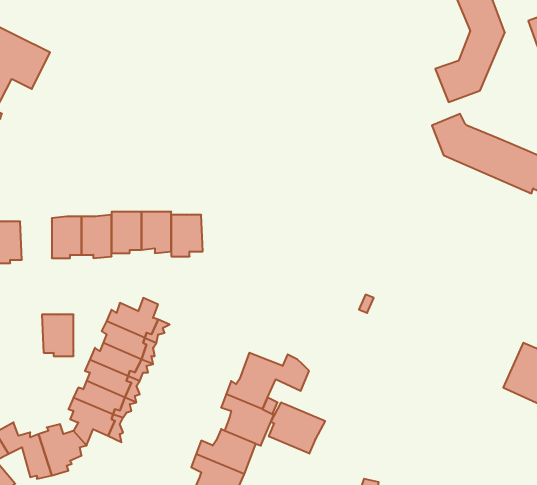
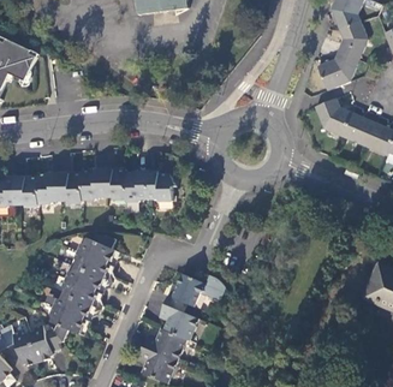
building: none -> [147,172,171,202]
building: [42,315,74,356] -> [16,177,38,207]
building: [269,402,325,454] -> none

